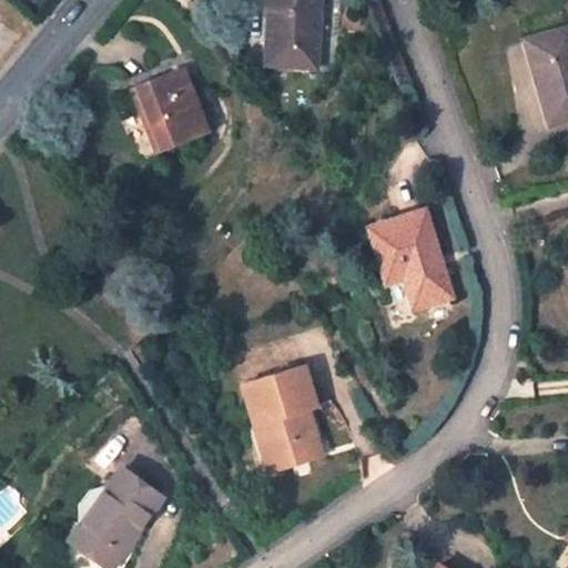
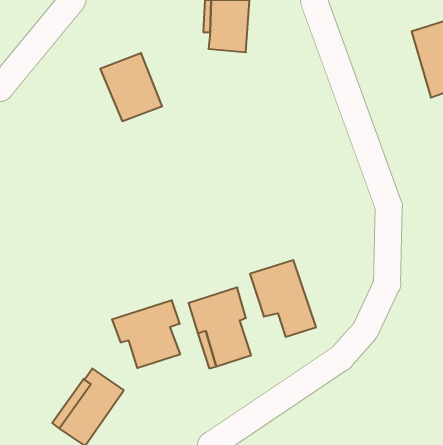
building: [369,211,454,308] -> [250,260,316,337]
building: none -> [112,300,180,368]

